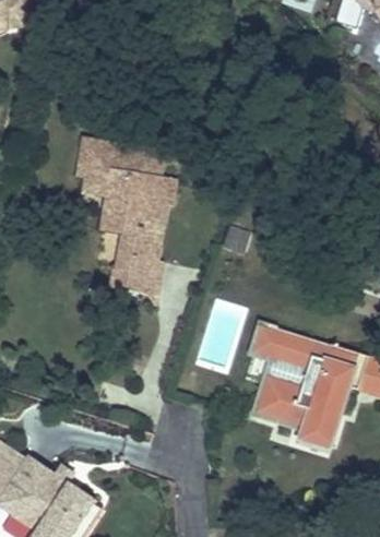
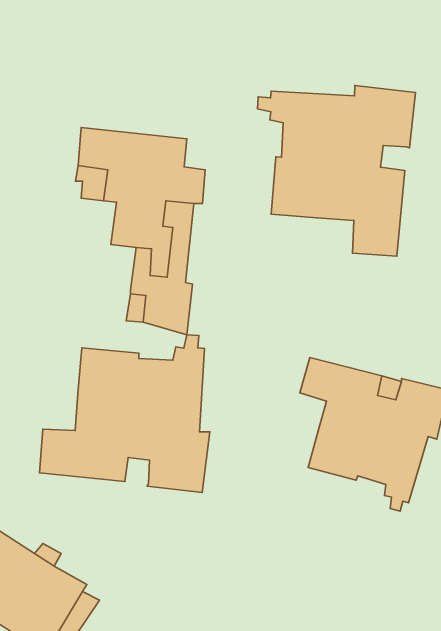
building: none -> [258,85,415,256]
building: none -> [39,335,210,492]

